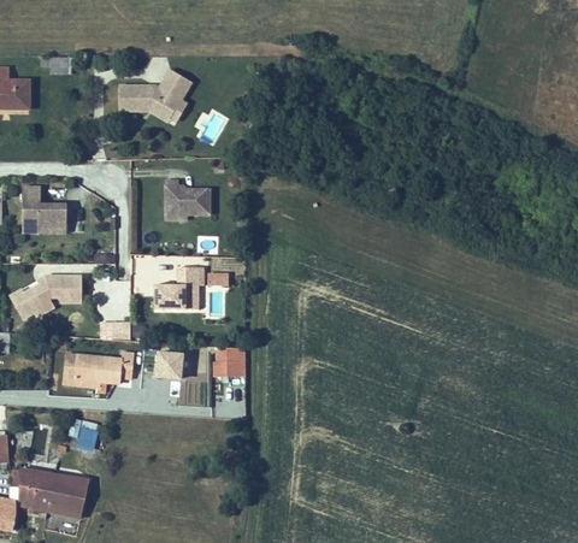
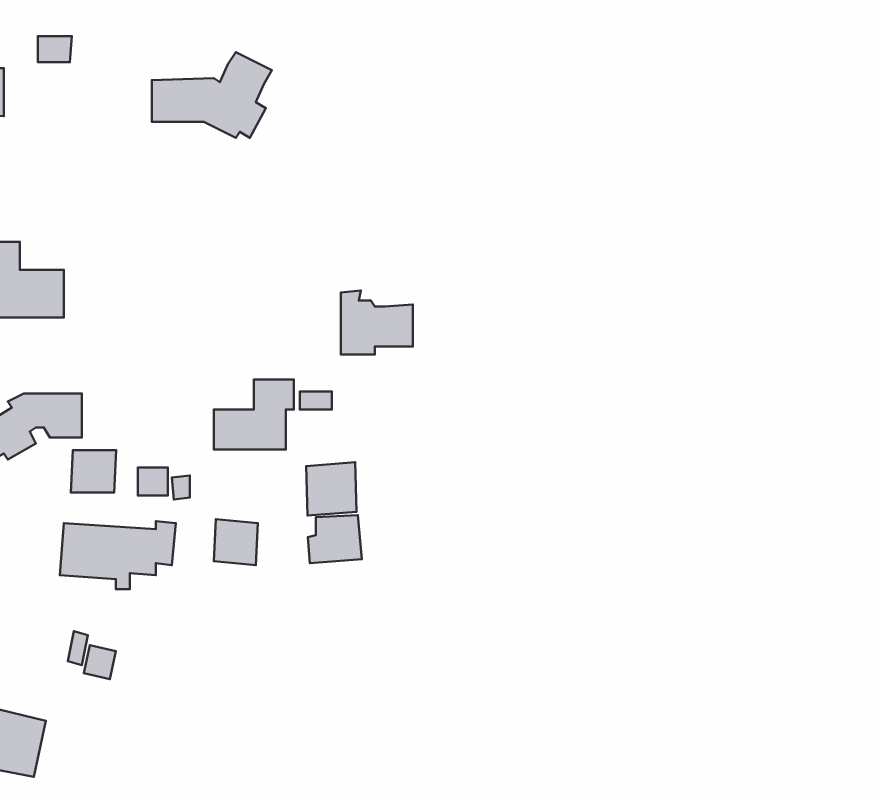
building: [164,179,207,218] -> [341,291,413,354]
building: none -> [71,450,116,493]
building: none -> [306,462,357,516]
building: [48,473,92,515] -> none

